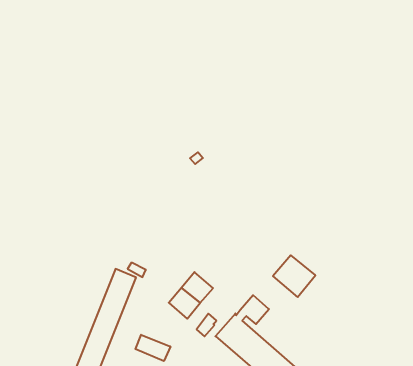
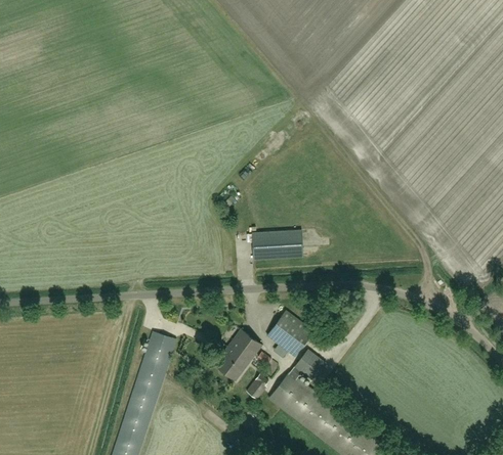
building: none -> [251,230,302,261]
building: [273,255,315,297] -> [266,311,313,357]
building: [135,335,170,361] -> none

